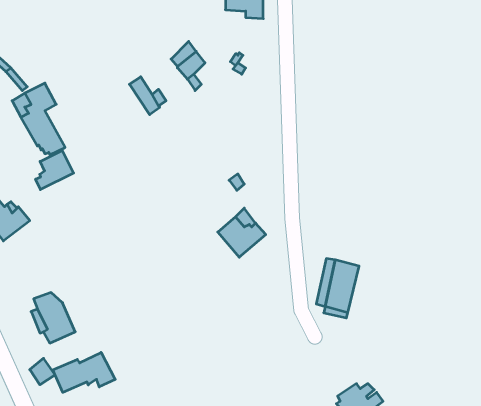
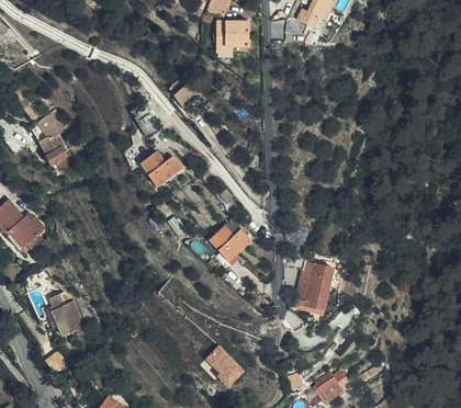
building: none -> [139,151,180,186]
building: [36,150,74,190] -> none
building: none -> [203,343,245,385]
building: [53,352,115,392] -> none

